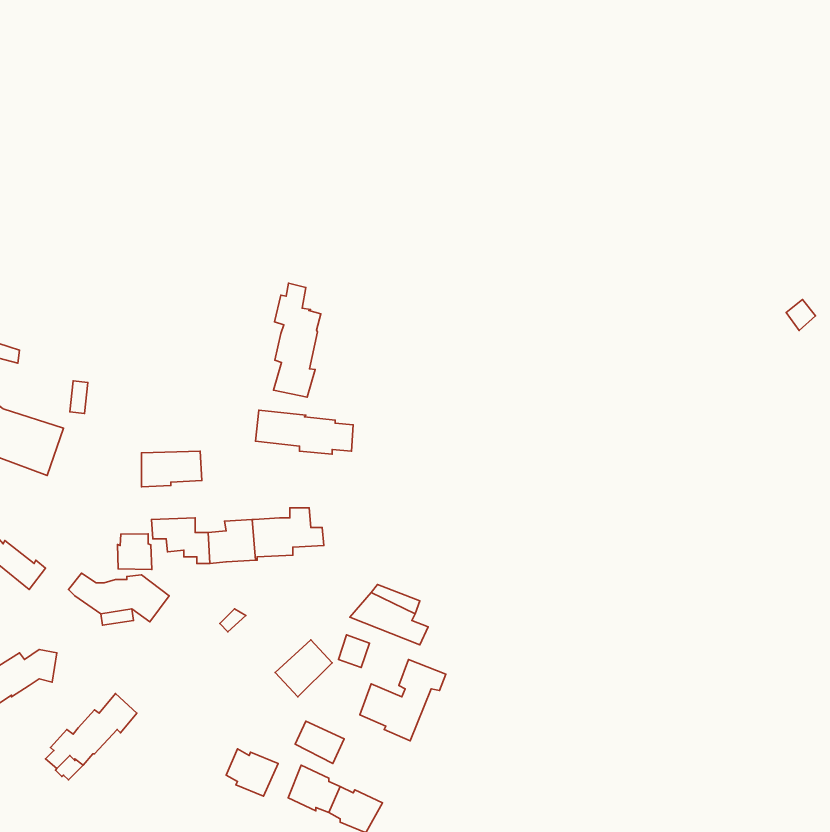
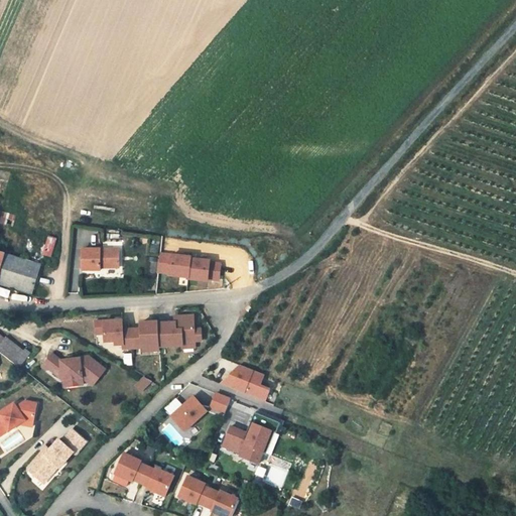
building: [274,283,321,397] -> none
building: [142,451,202,487] -> [82,247,119,269]
building: [117,534,152,569] -> none
building: [295,721,344,763] -> none
building: none -> [114,452,147,480]

